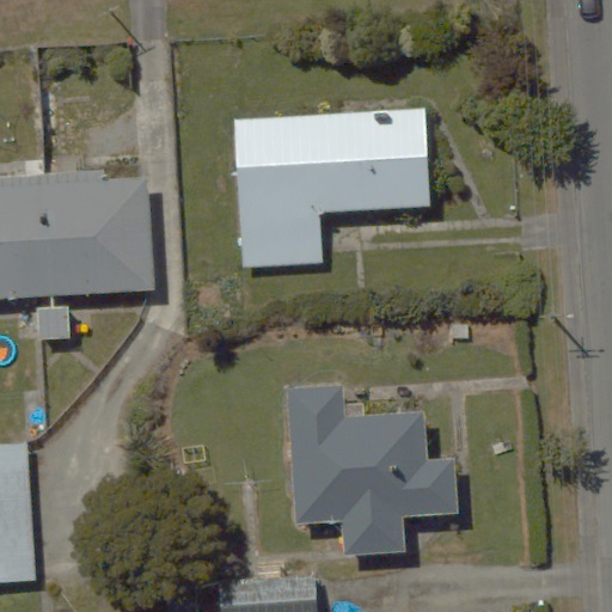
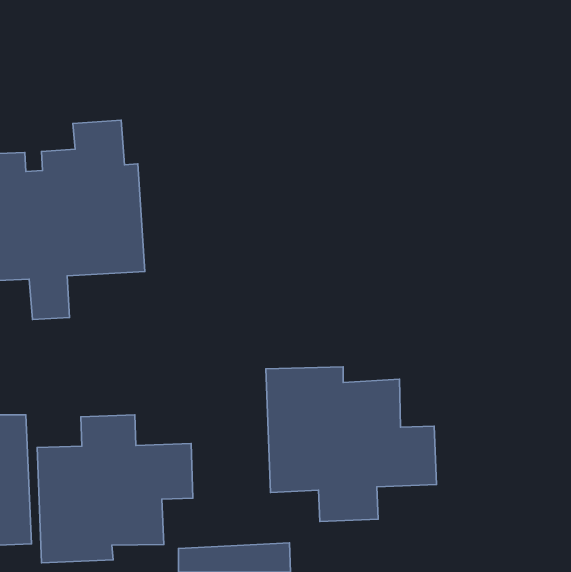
building: [230,109,435,267] -> none
building: none -> [37,415,193,563]

